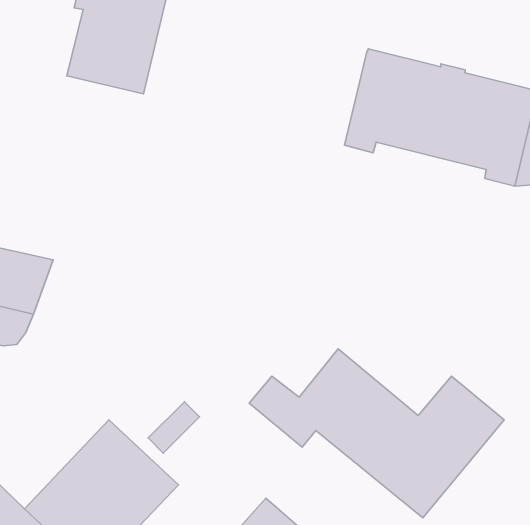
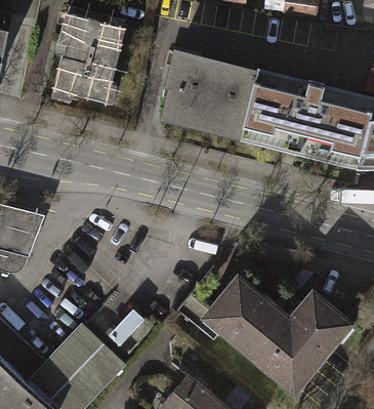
building: none -> [164,53,256,136]

